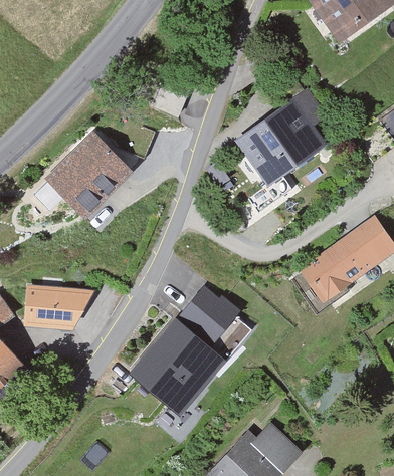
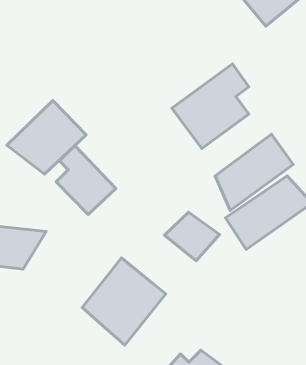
building: none -> [215,134,293,211]
building: none -> [56,146,116,215]
building: [175,288,239,345] -> [165,212,219,261]

